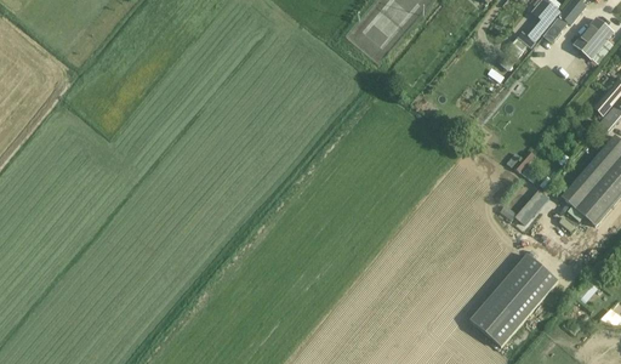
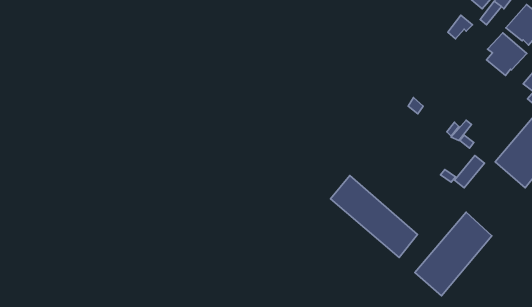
building: none -> [486,33,527,76]
building: none -> [331,176,417,258]

